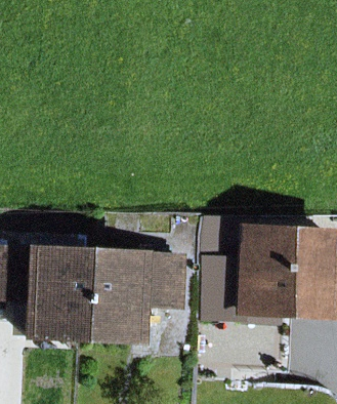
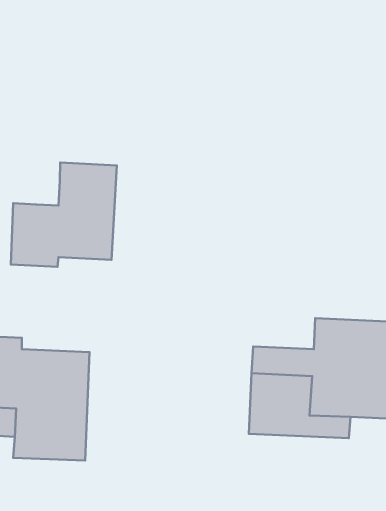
building: none -> [11,162,117,267]
building: [94,252,192,339] -> none

